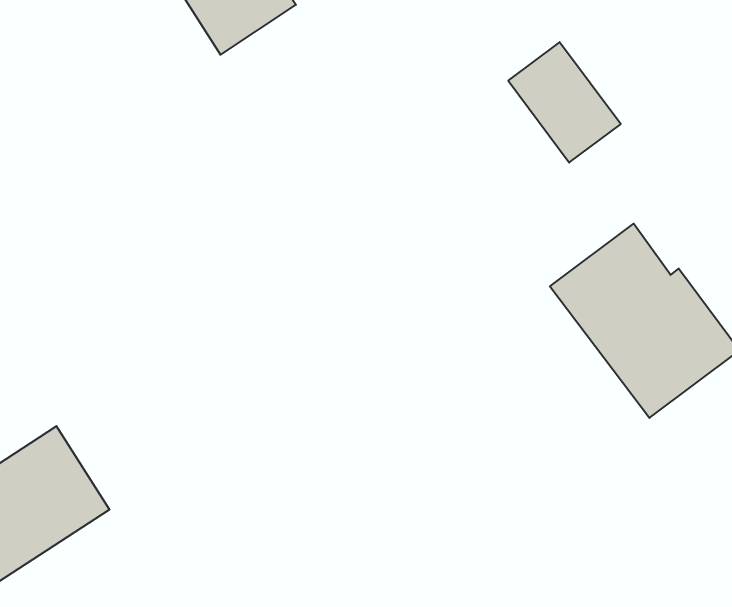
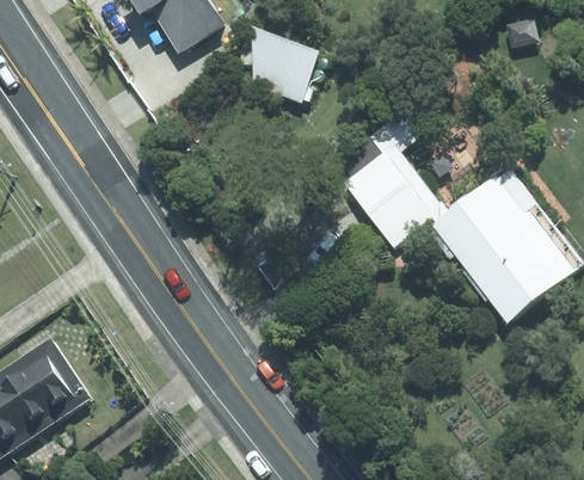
building: none -> [250,31,314,98]
building: [508,42,621,163] -> [345,155,429,245]

